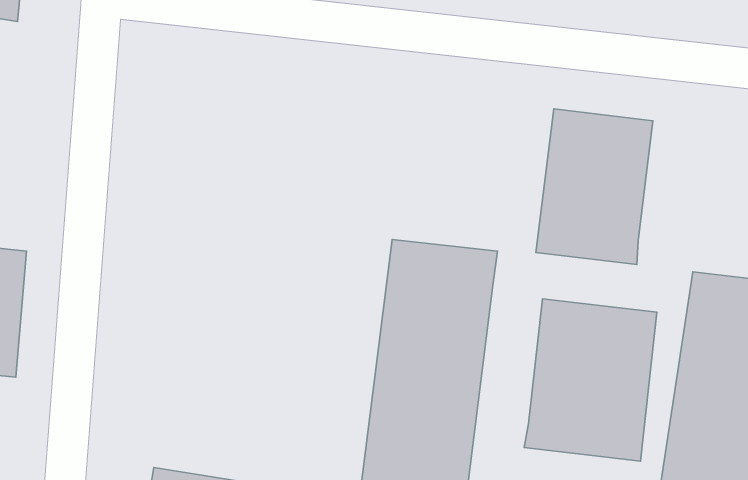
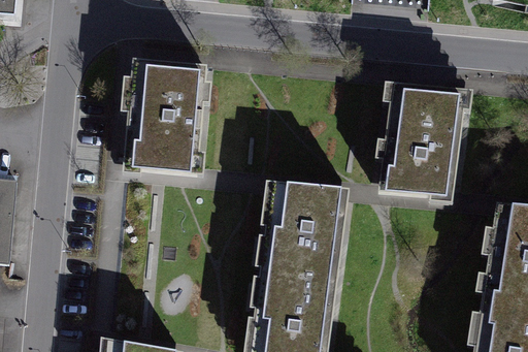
building: none -> [117,50,209,179]
building: [524,299,657,461] -> none

